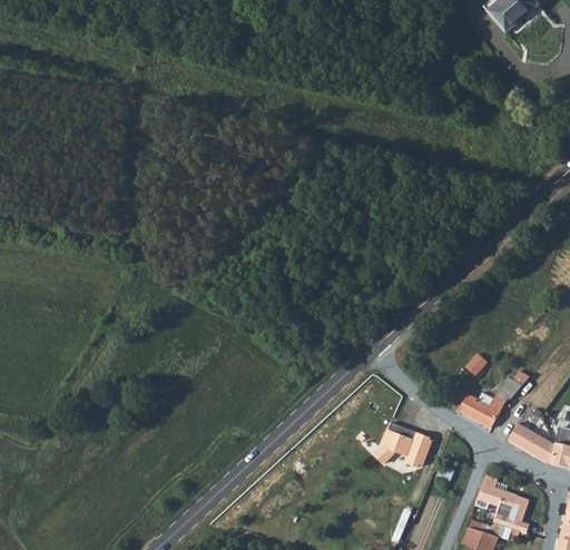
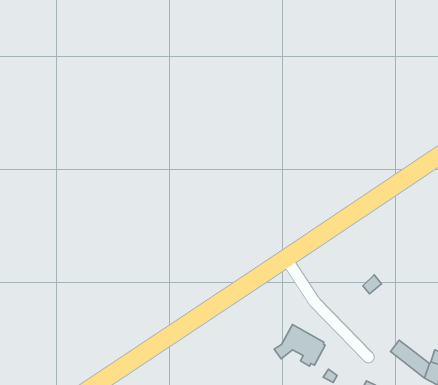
building: [460,371,530,429] -> none

